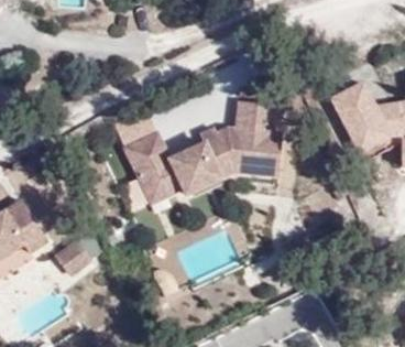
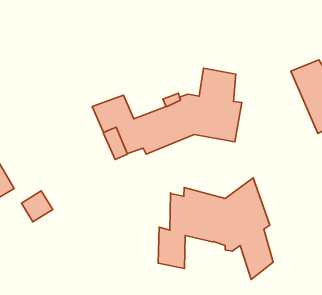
building: none -> [158,178,273,279]

